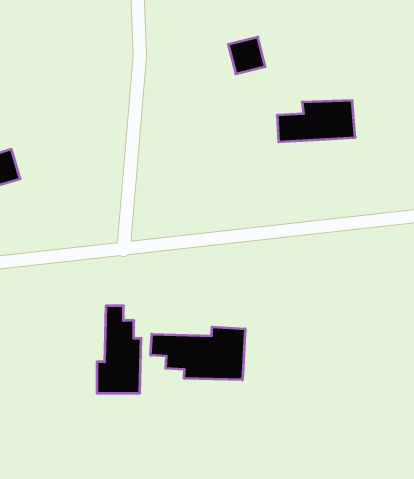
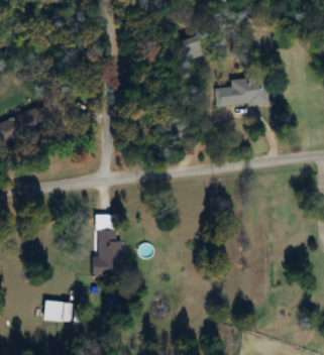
building: [151,327,245,380] -> none
building: none -> [43,302,69,322]

